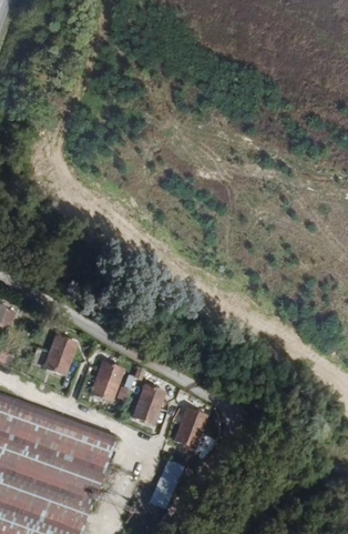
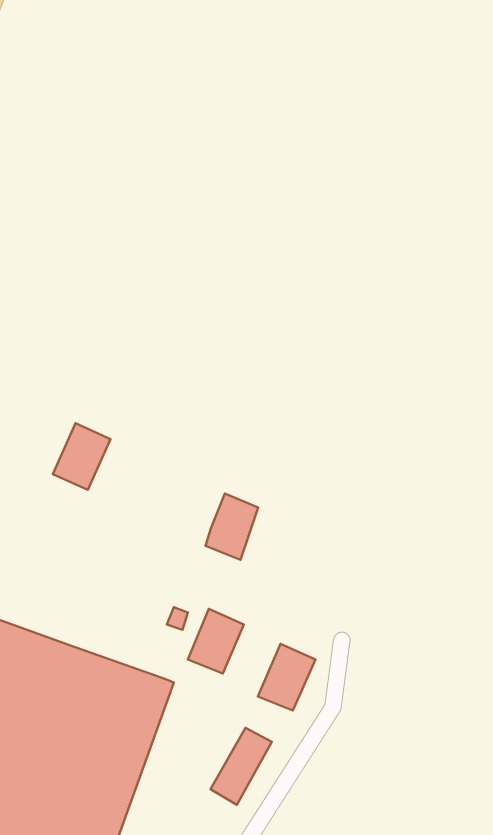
building: [42,335,79,377] -> [53,423,111,490]
building: [90,363,123,405] -> [206,493,258,560]

